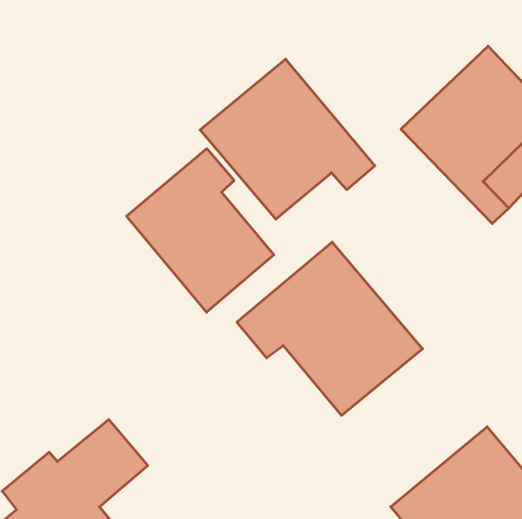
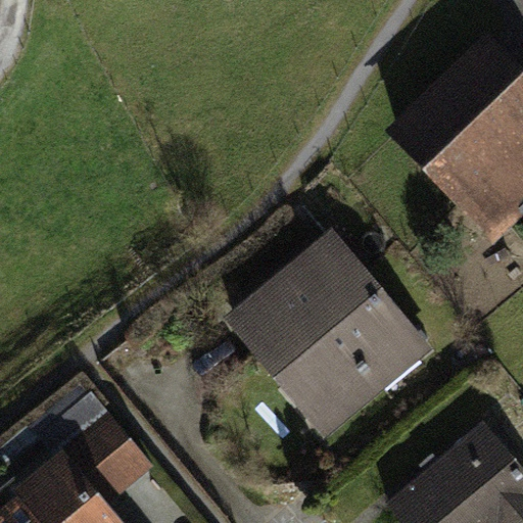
building: [200,59,375,219] -> none
building: [127,149,274,312] -> none

